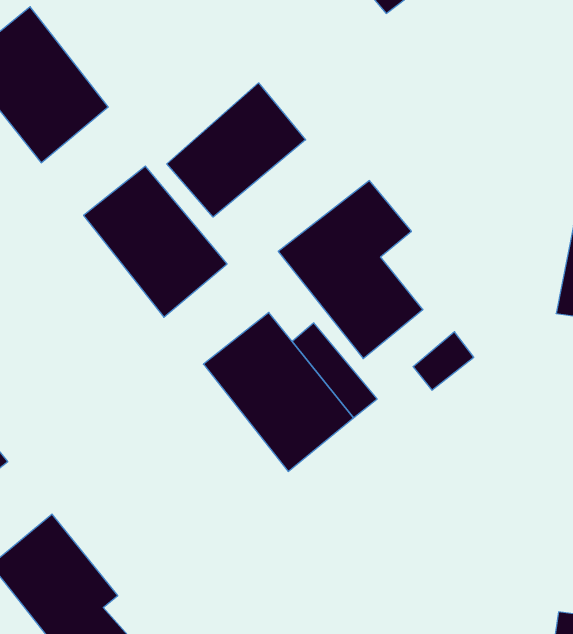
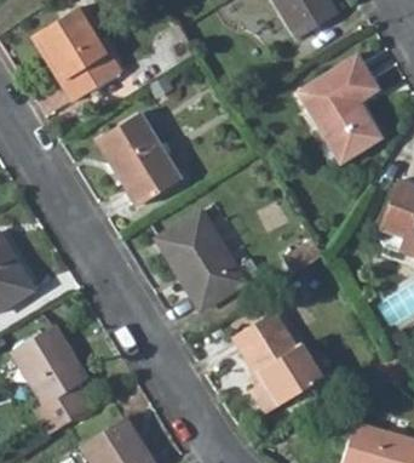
building: [167,83,306,217] -> none
building: [278,181,423,359] -> [297,62,380,170]
building: none -> [232,308,324,411]

